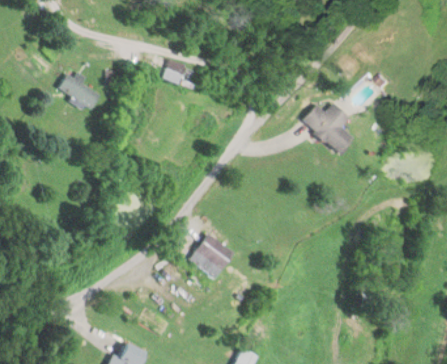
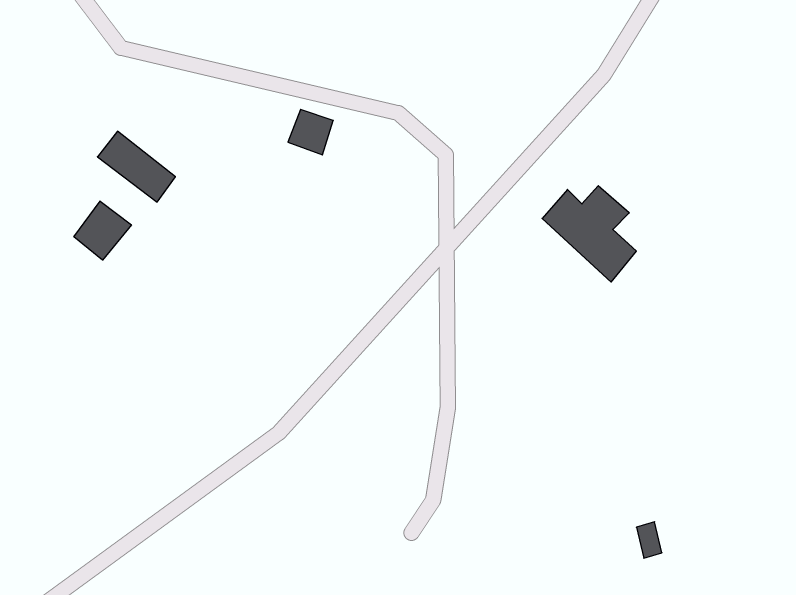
building: none -> [74,201,131,260]
building: [187,231,235,278] -> none

